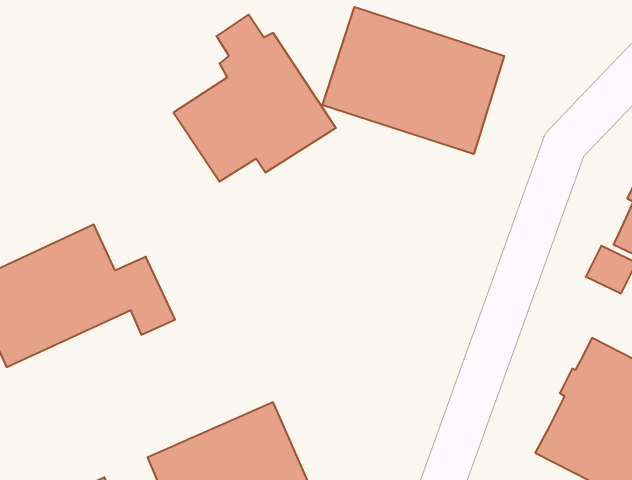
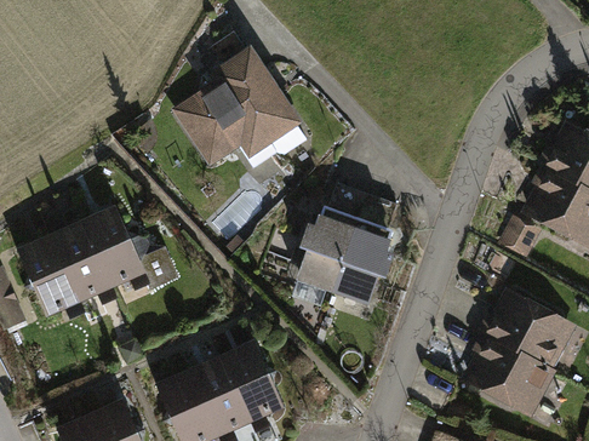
building: [322,7,504,154] -> none
building: none -> [296,187,398,303]

